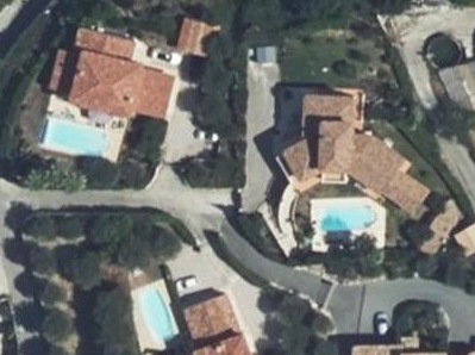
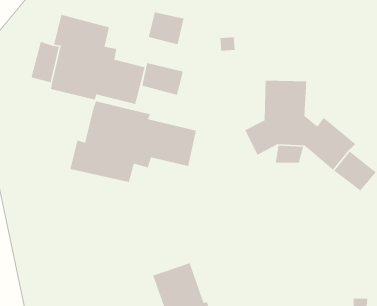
building: none -> [141,62,184,96]
building: none -> [70,100,197,183]

